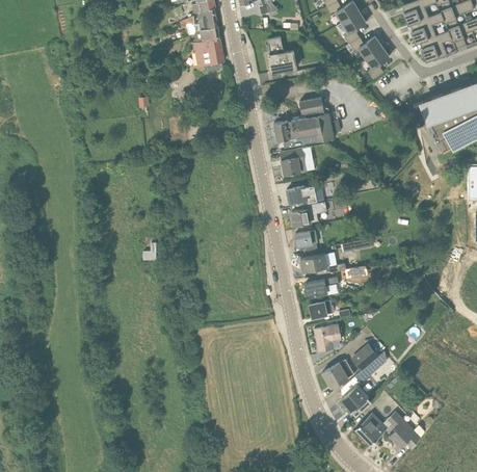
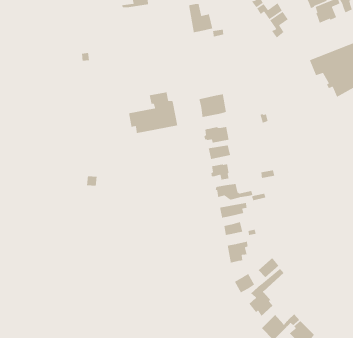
building: [193,40,223,72] -> none
building: [274,98,335,149] -> [128,91,178,134]

